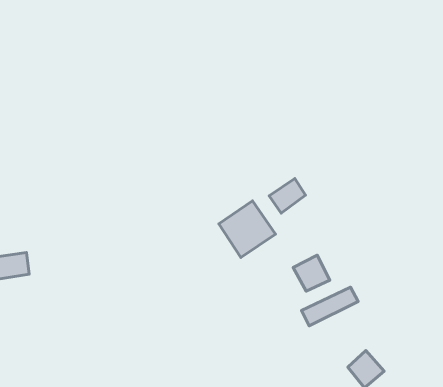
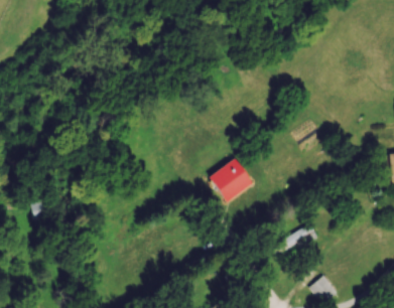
building: [269,178,305,213] -> none
building: [293,255,330,291] -> none

